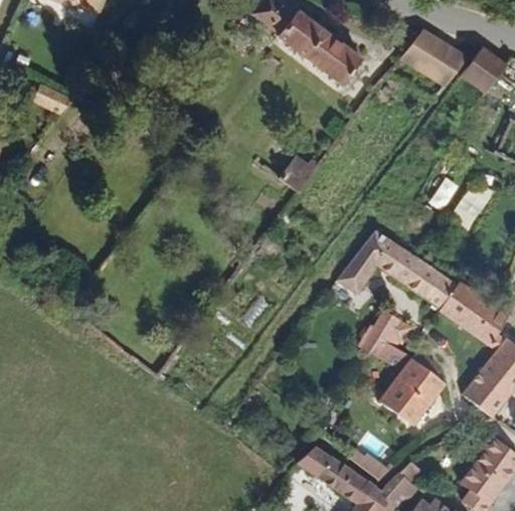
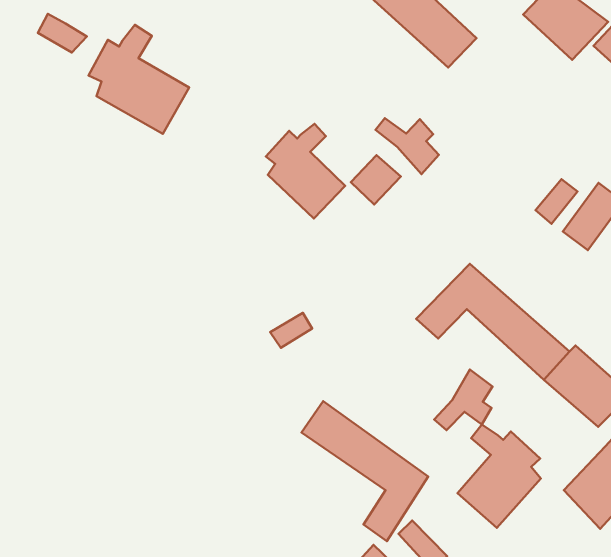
building: none -> [89,25,189,134]
building: none -> [375,118,439,174]
building: none -> [266,124,345,219]
building: none -> [301,401,428,541]

